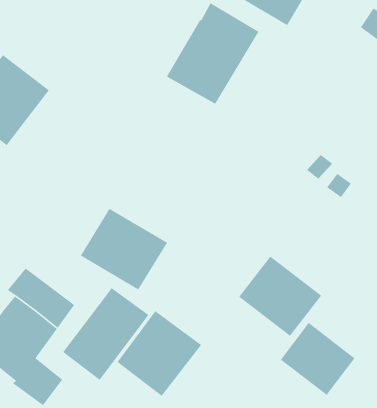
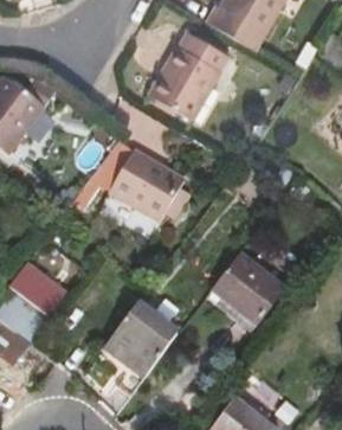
building: [80,208,168,291] -> [108,148,186,222]
building: [62,287,149,381] -> none
building: [280,322,356,396] -> none

